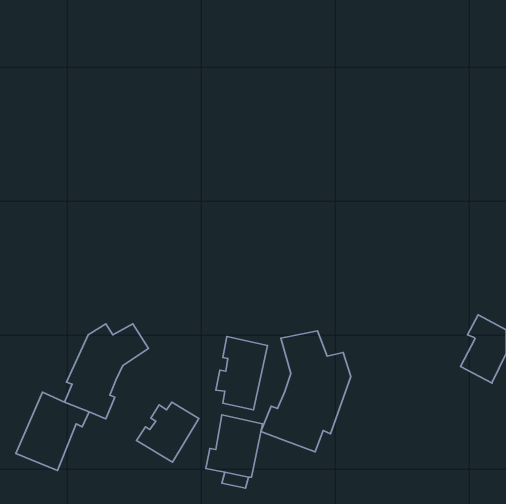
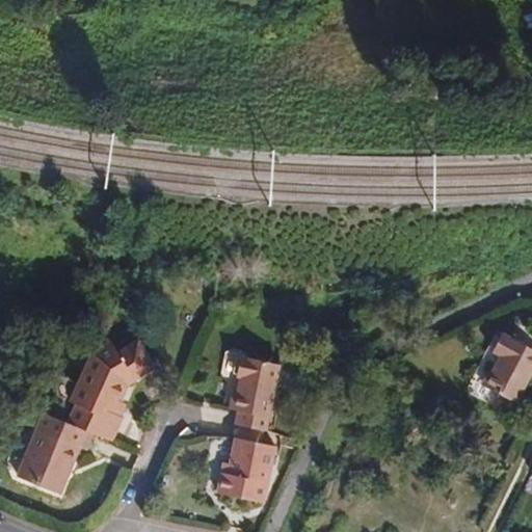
building: [261,331,351,452] -> none
building: [137,402,199,462] -> none

